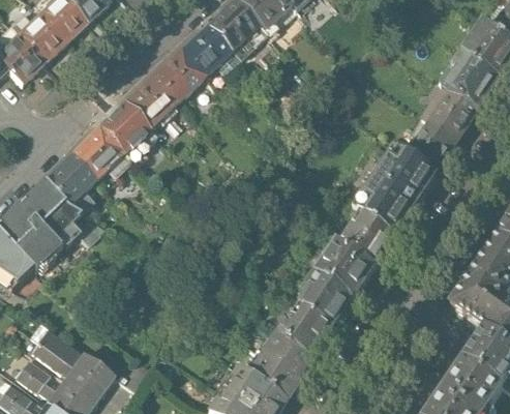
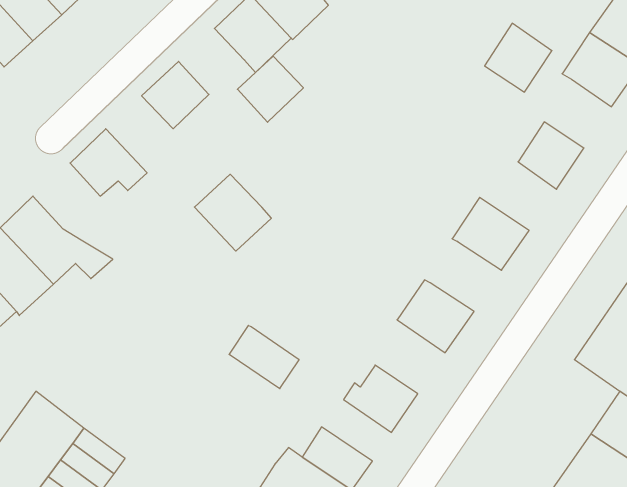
building: [151,52,201,101] -> [237,56,303,122]
building: [426,90,477,142] -> [485,23,552,92]
building: [96,102,154,160] -> [194,174,271,251]
building: [378,148,436,204] -> none
building: [41,153,92,211] -> none
building: [340,212,394,265] -> none
building: [299,271,352,327] -> none
building: [259,330,311,378] -> [229,325,299,389]

